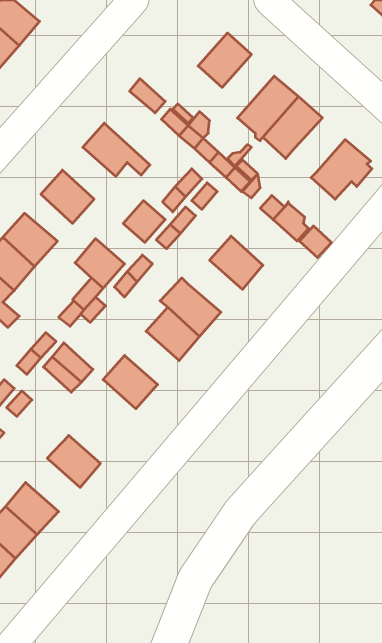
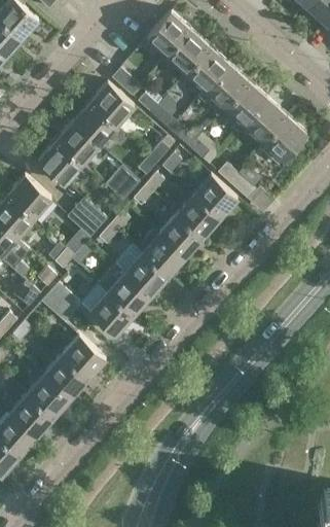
building: none -> [147,12,190,57]
building: none -> [186,47,228,92]
building: none -> [90,83,134,137]
building: none -> [243,99,286,143]
building: none -> [57,122,100,165]
building: none -> [193,175,236,218]
building: none -> [158,214,203,256]
building: none -> [98,264,151,315]
building: none -> [62,336,105,379]
building: none -> [27,375,71,418]

